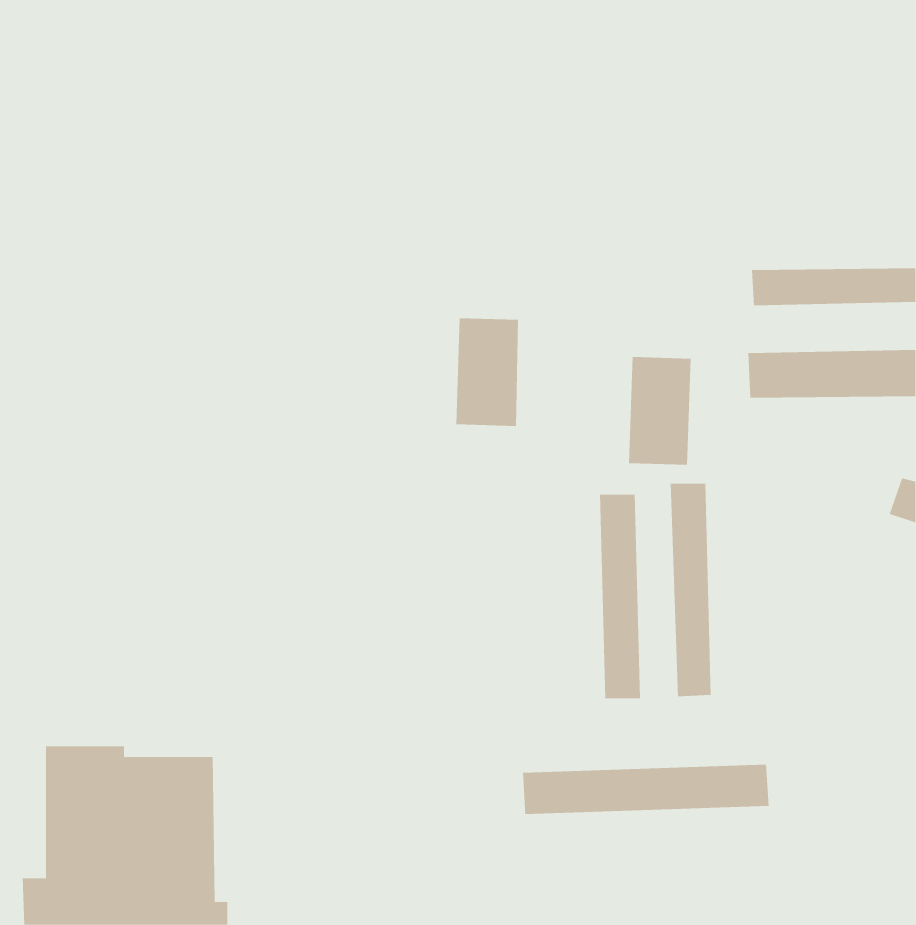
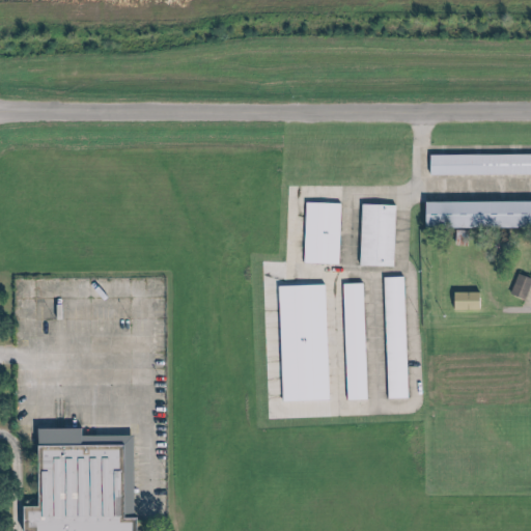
building: [455,318,519,426] -> [304,202,340,264]
building: none -> [280,284,329,401]
building: none -> [453,291,482,310]
building: [522,764,769,815] -> none

